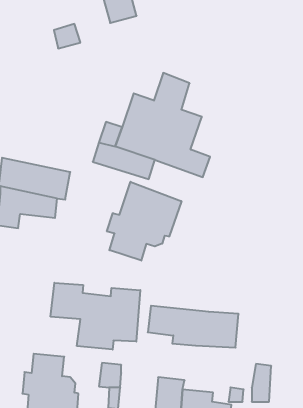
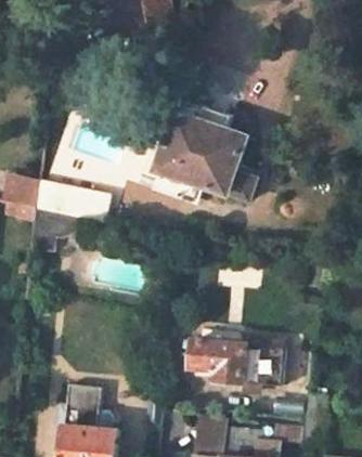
building: [107,182,181,261] -> none
building: [51,283,140,350] -> none

